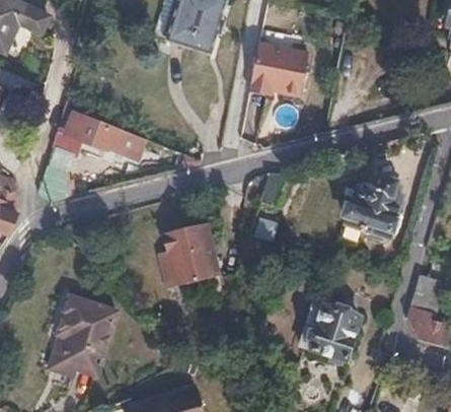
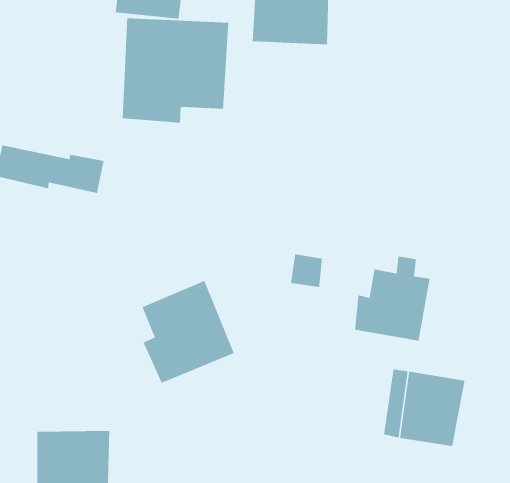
building: none -> [122,17,229,124]
building: [346,180,401,238] -> [354,256,431,341]

